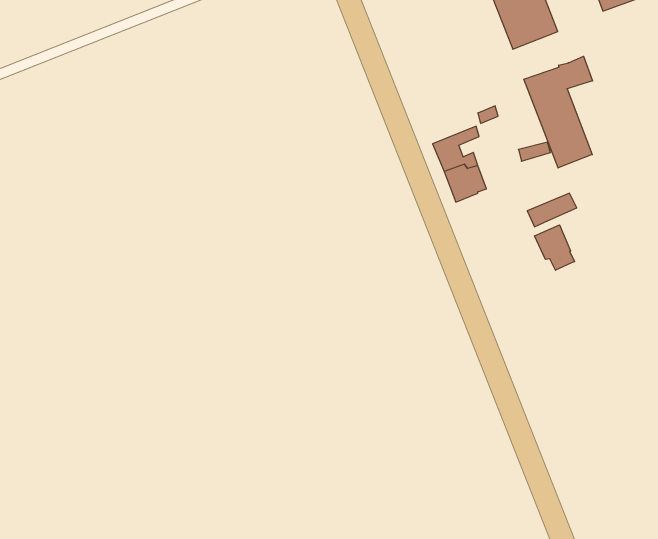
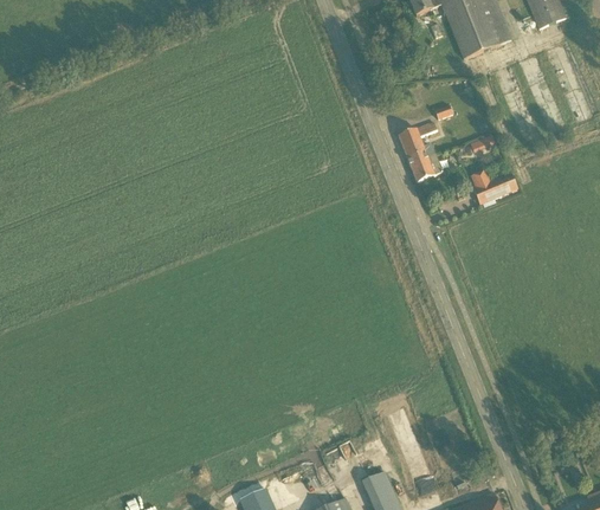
building: [524,56,593,168] -> none
building: [535,225,575,270] -> none

